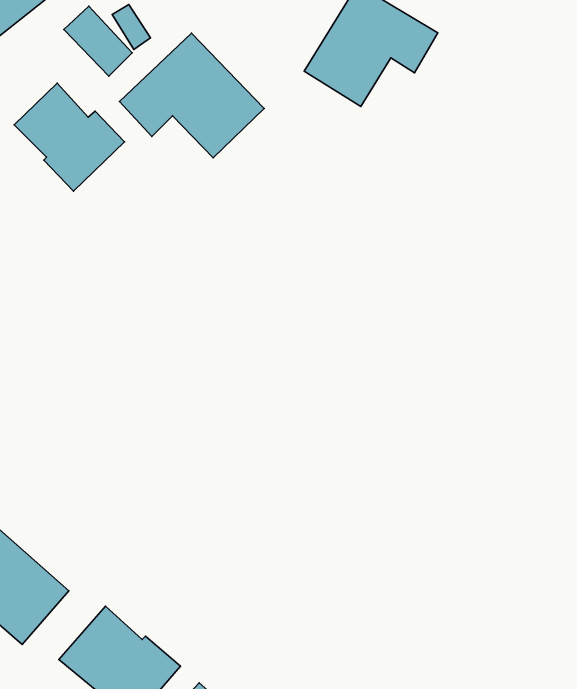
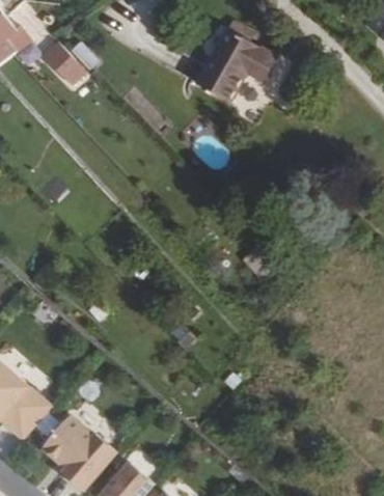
building: [120,33,264,158] -> none
building: [14,83,124,191] -> none

